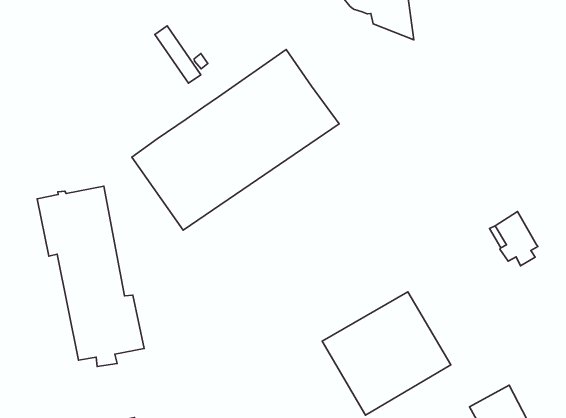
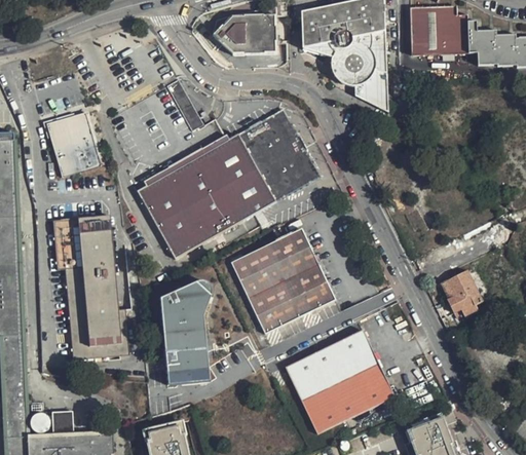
building: none -> [46,112,100,177]
building: none -> [231,230,335,334]
building: none -> [157,273,212,387]

